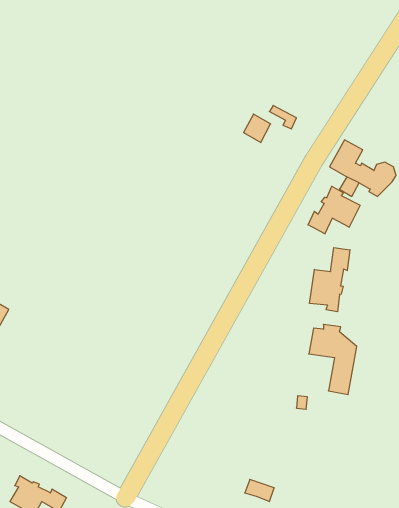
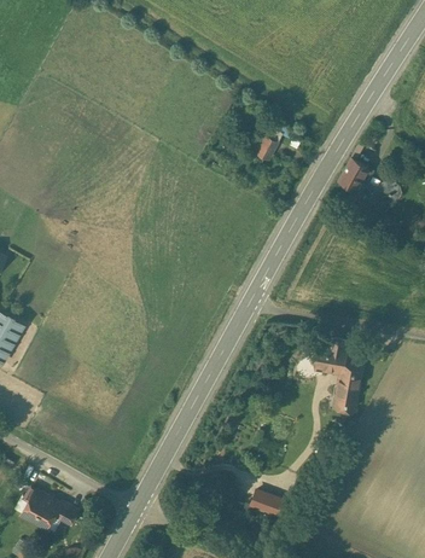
building: [308,186,360,234] -> none
building: [310,248,350,312] -> none

